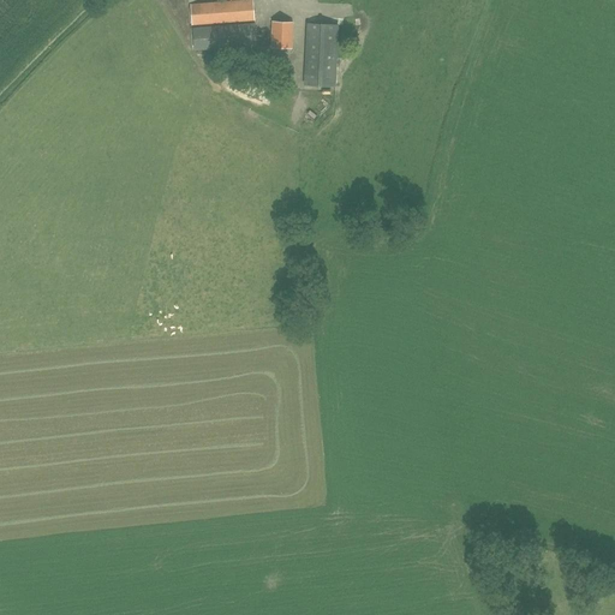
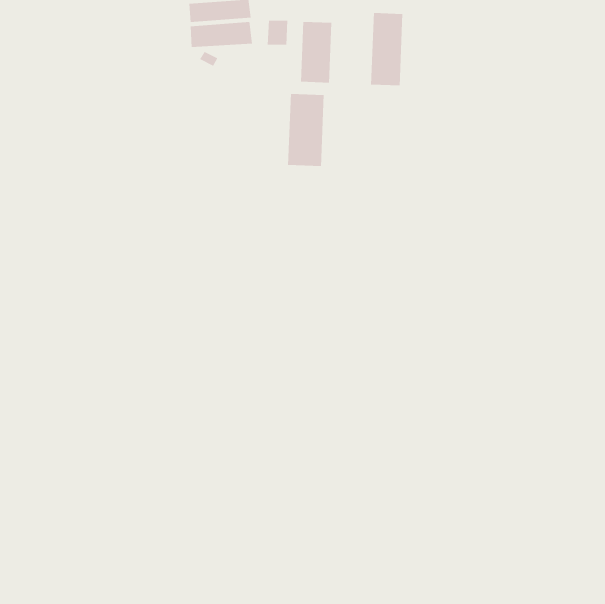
building: none -> [371,12,403,86]
building: none -> [288,93,324,167]

